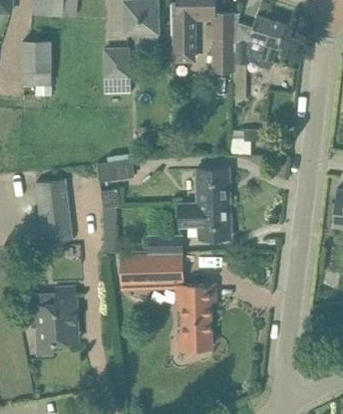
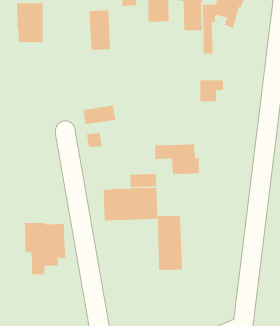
building: [198,169,230,204] -> none
building: [36,179,71,243] -> none

